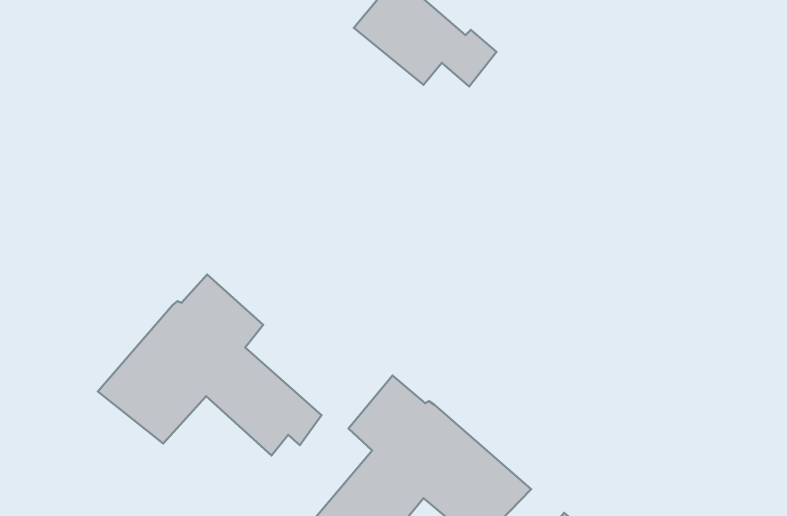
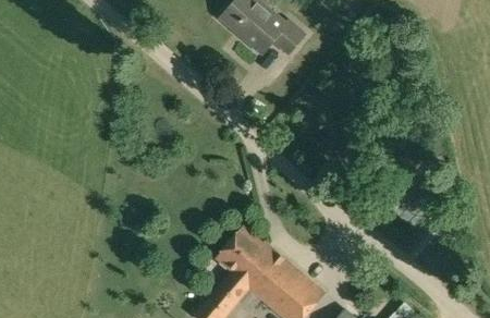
building: [98,274,322,455] -> none

